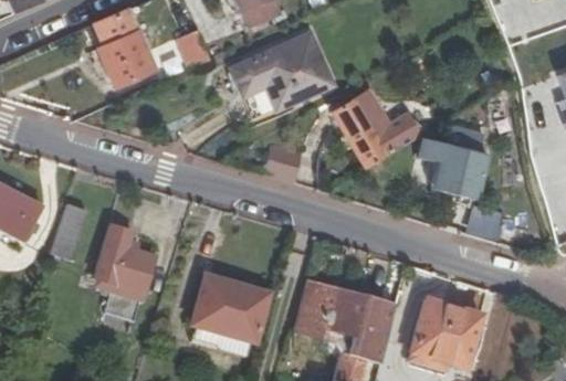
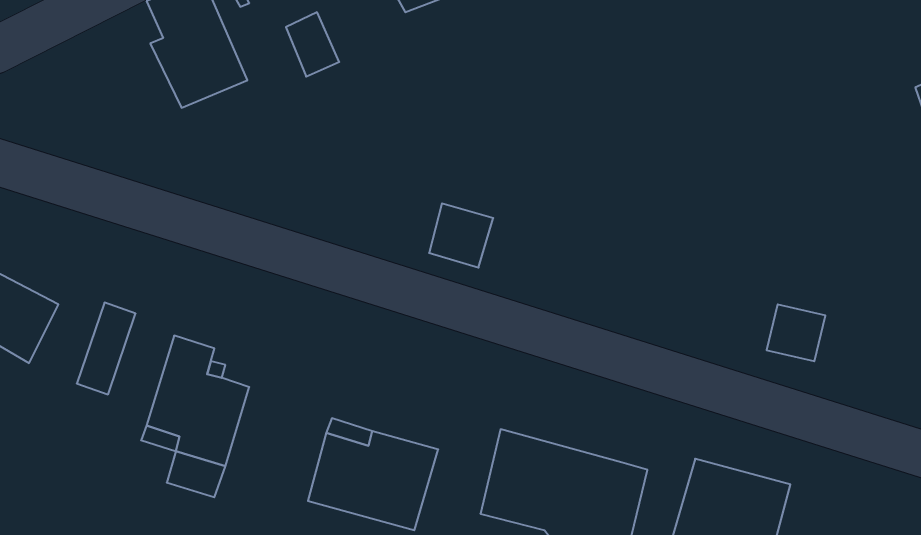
building: [231,32,333,118] -> none
building: [332,88,405,168] -> none
building: [429,139,486,200] -> none

